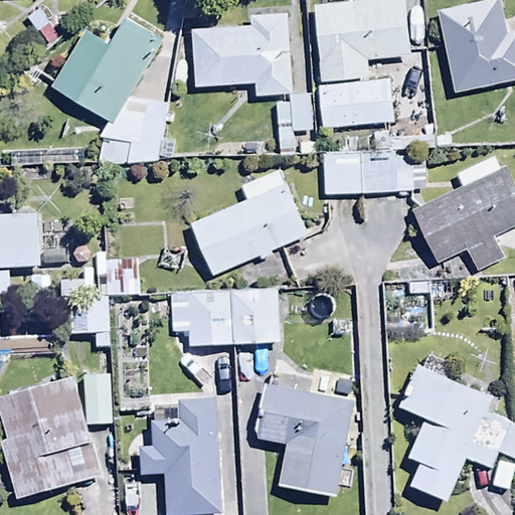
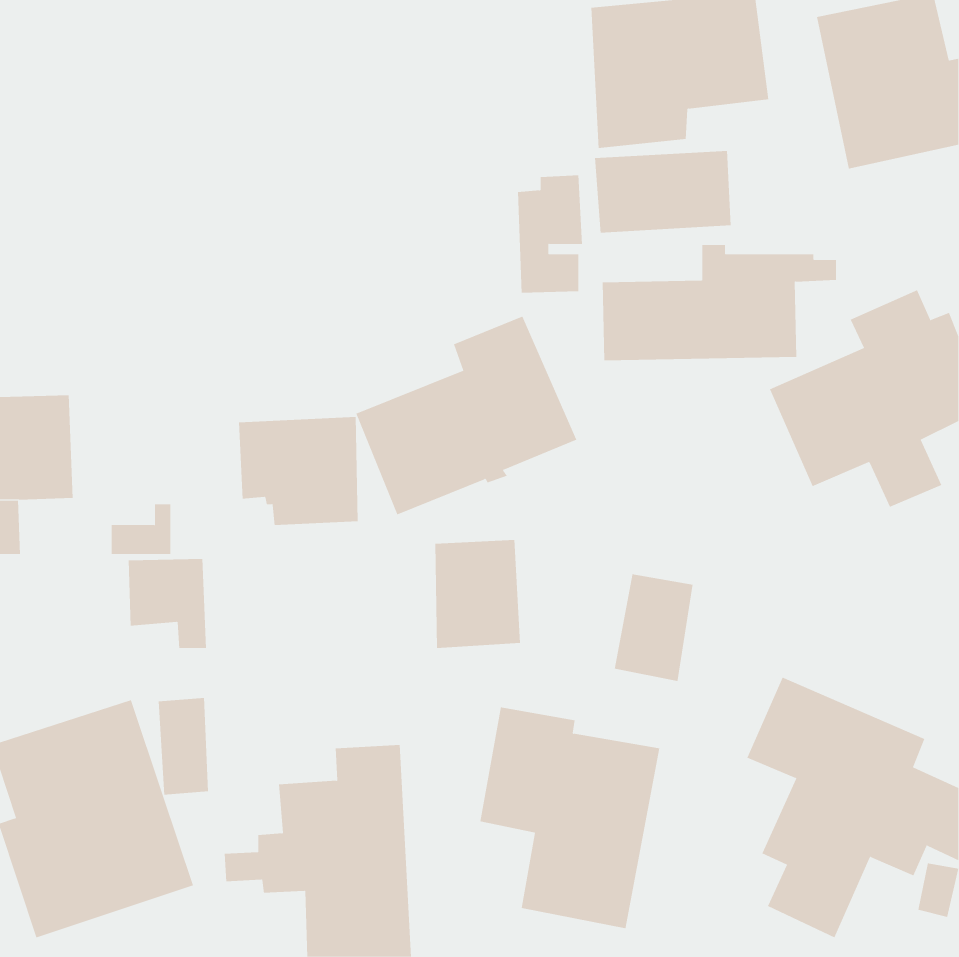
building: [190,13,291,93] -> none
building: [51,14,167,165] -> none
building: [169,291,233,349] -> [238,416,358,525]
building: none -> [614,574,693,682]

